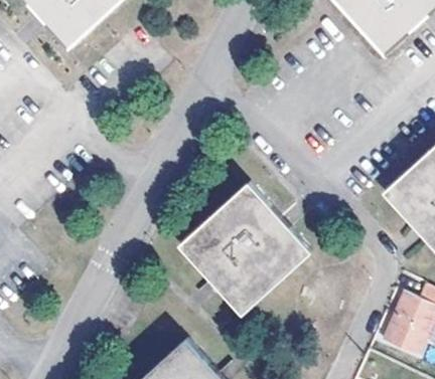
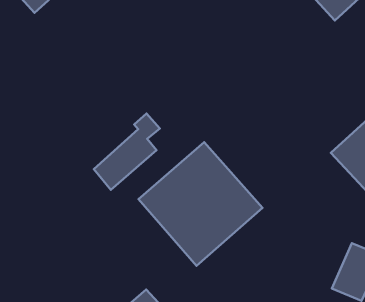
building: none -> [94,113,160,190]

